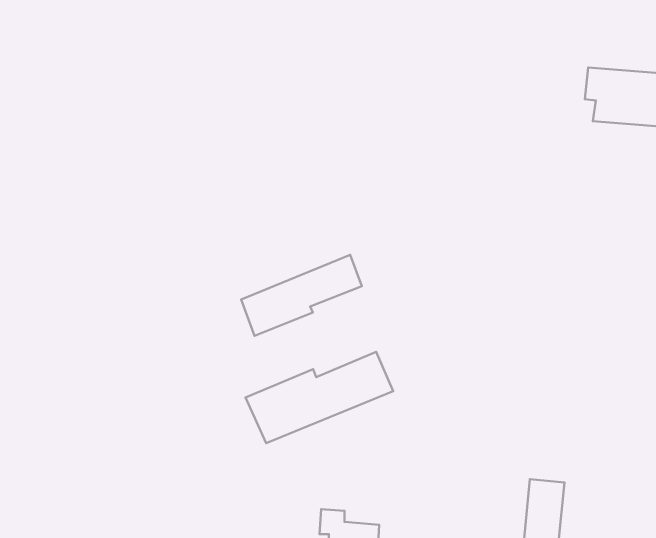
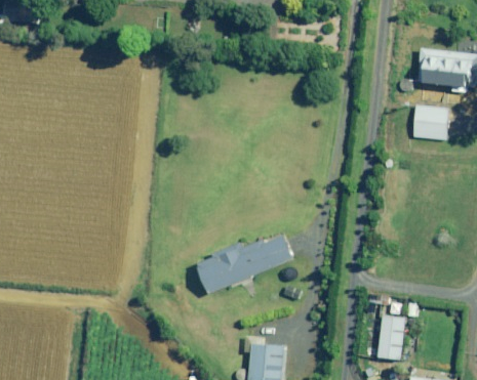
building: none -> [412,105,447,139]
building: [241,255,362,336] -> none

